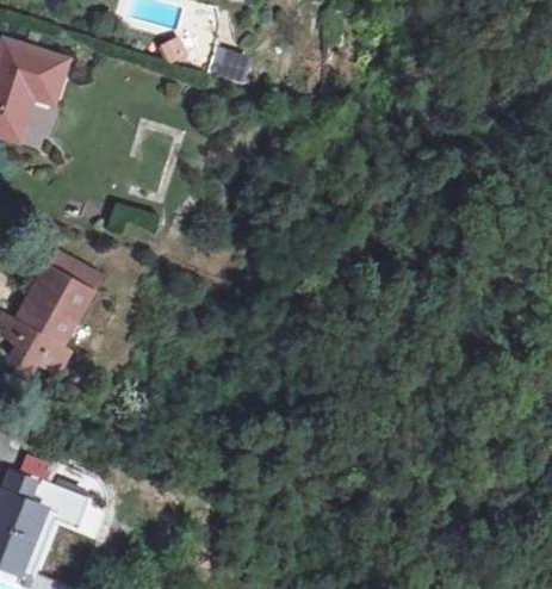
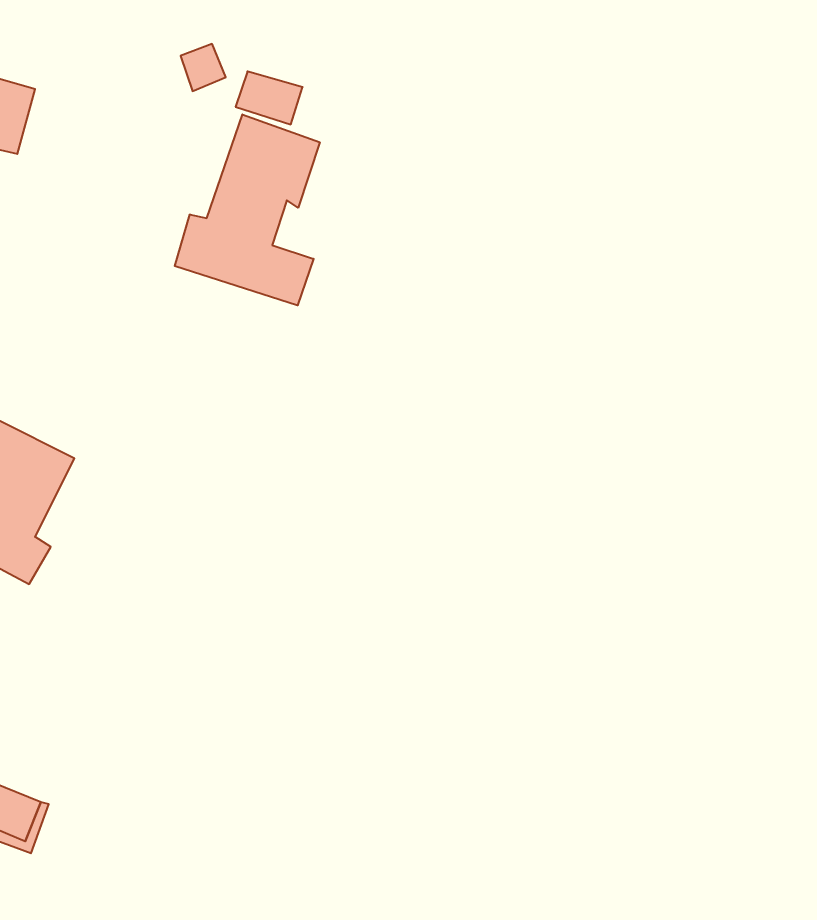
building: none -> [175,114,320,305]

